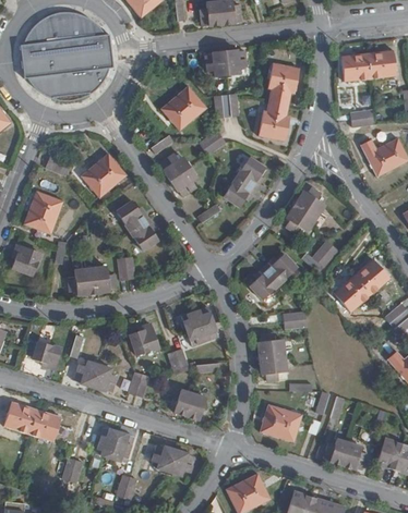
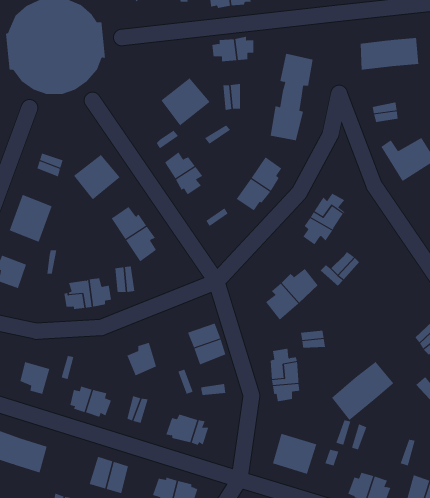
building: [332,261,388,315] -> [331,361,394,421]

